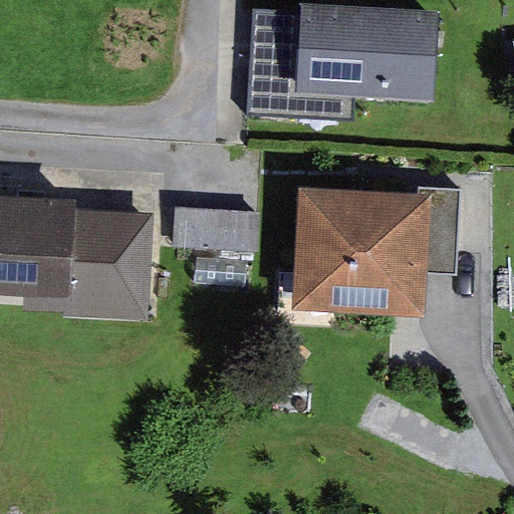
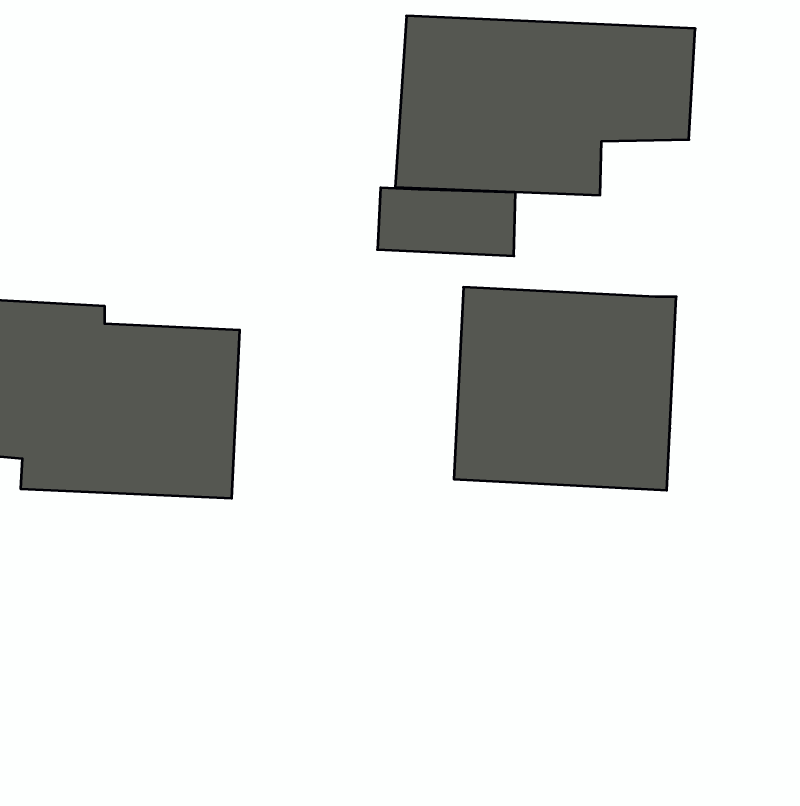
building: [415,183,461,275] -> none
building: [172,210,259,253] -> [377,188,515,256]

